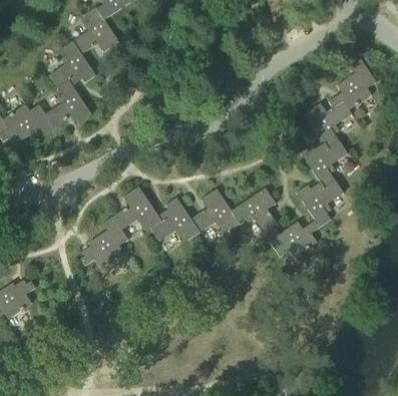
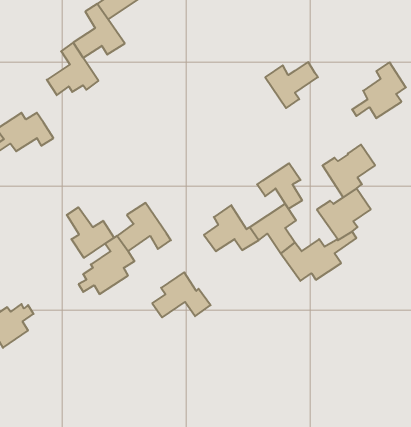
building: [45,80,91,127] -> none
building: [304,99,352,141] -> [265,62,318,108]
building: none -> [257,163,302,209]
building: none -> [67,207,114,258]
building: [149,201,203,242] -> [152,272,211,317]

